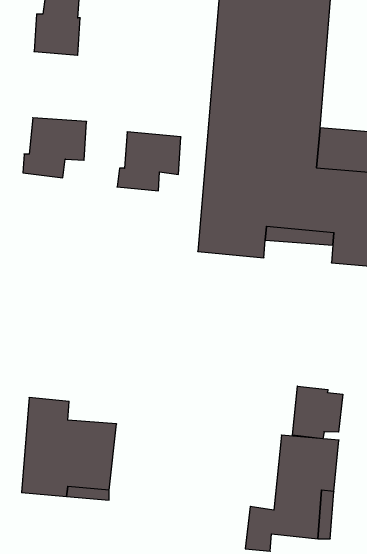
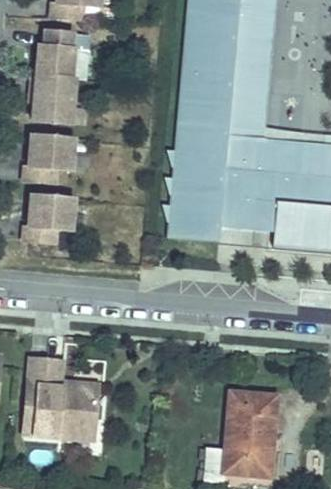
building: none -> [32,79,74,127]
building: [117,132,181,191] -> [26,192,77,239]
building: [292,386,343,439] -> none

